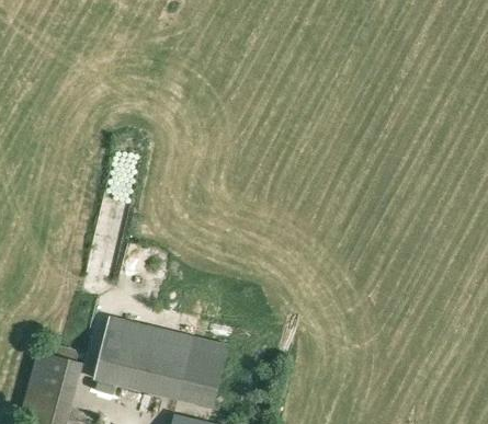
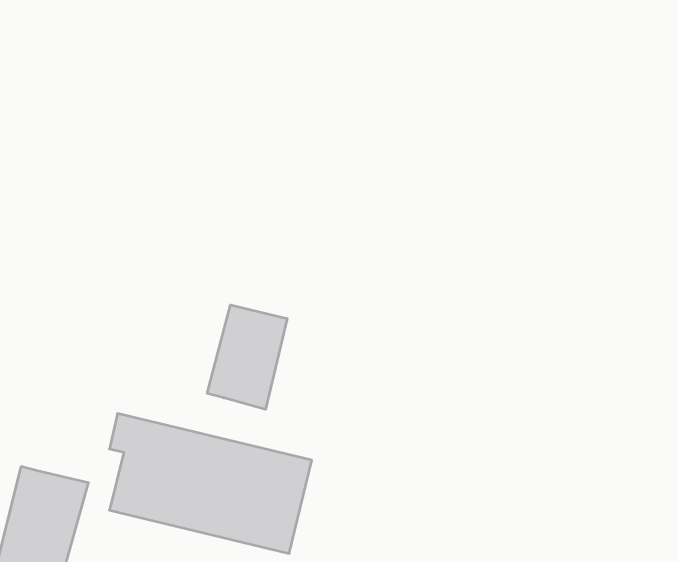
building: none -> [207,305,287,409]

